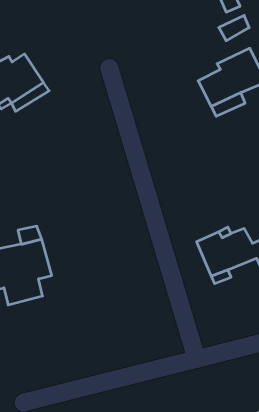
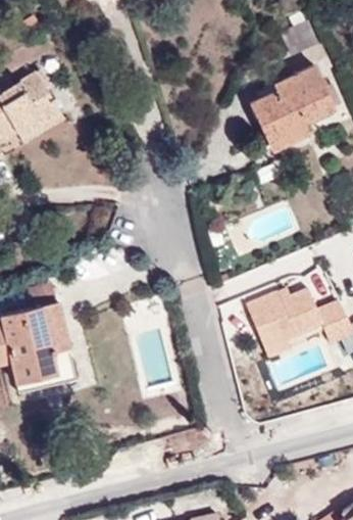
building: none -> [15,346,78,392]

